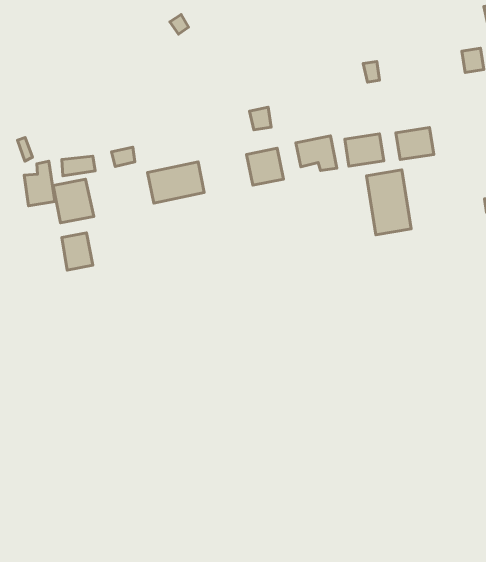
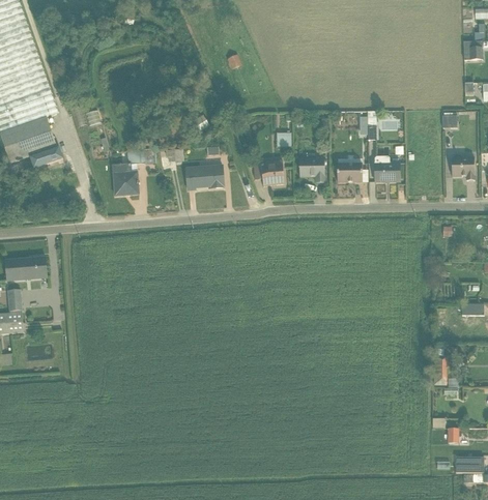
building: [24,161,55,206] -> none
building: [367,170,411,235] -> none
building: [62,233,93,270] -> none

